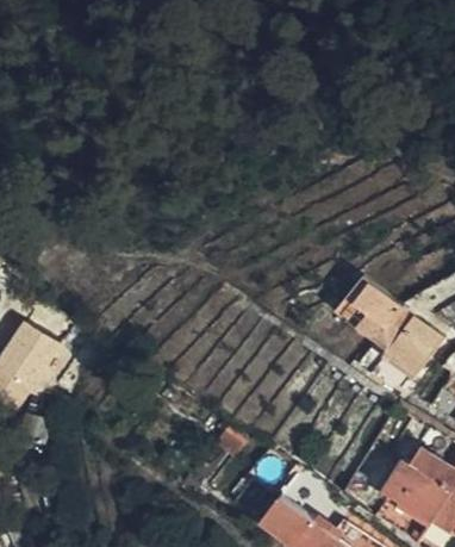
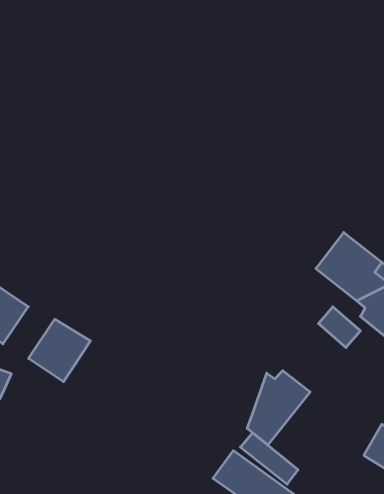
building: none -> [29,319,90,382]
building: none -> [247,371,310,445]

